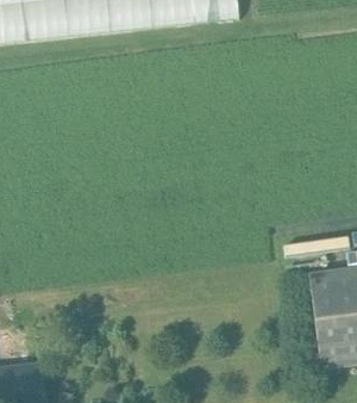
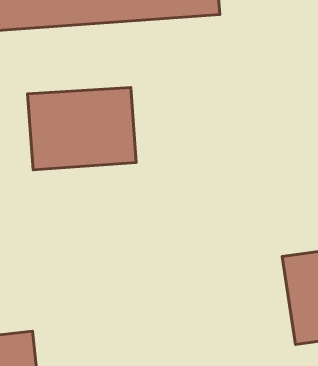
building: none -> [27,87,136,170]

